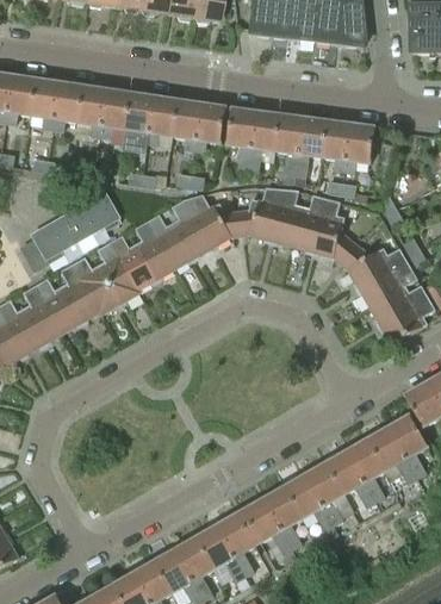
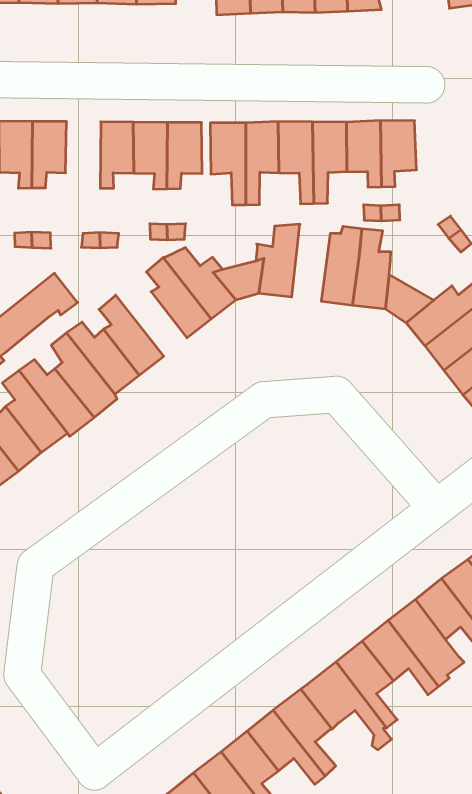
building: [123,92,155,150] -> none
building: [271,187,304,243] -> none
building: [148,212,193,266] -> none

